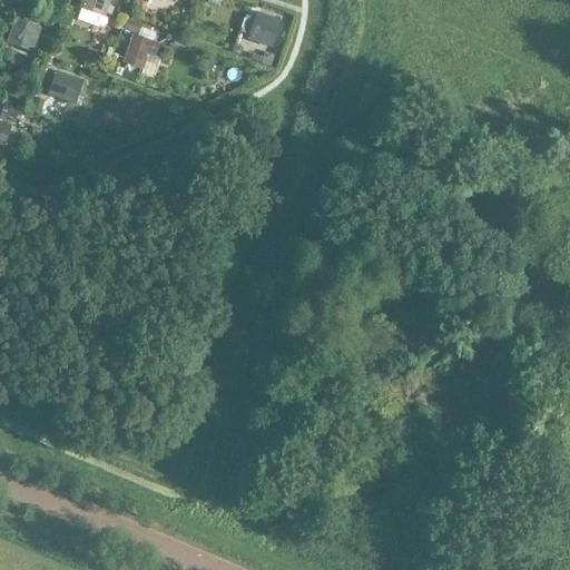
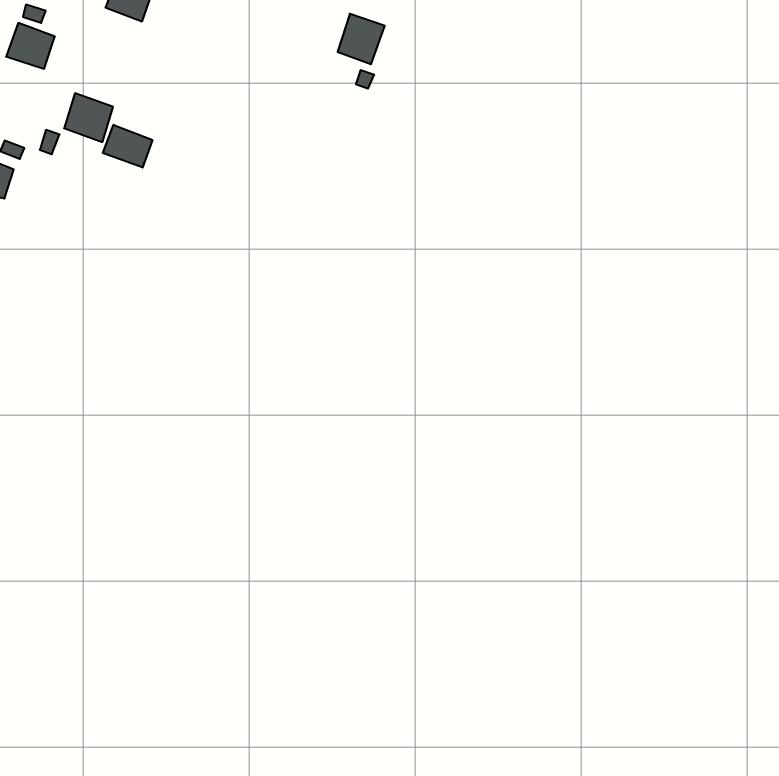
building: [121,31,158,68] -> none
building: none -> [103,125,152,168]

